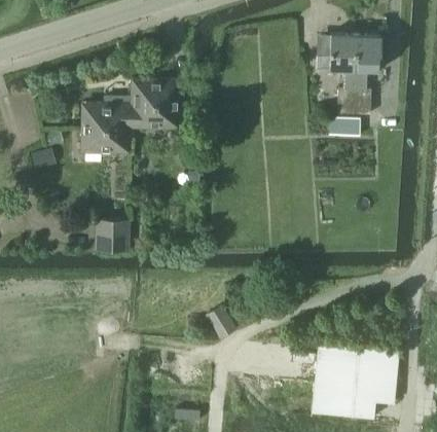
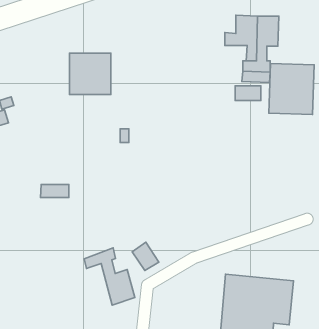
building: none -> [269,64,314,115]
building: [80,104,130,154] -> none
building: [96,220,129,237] -> none
building: none -> [84,248,135,305]

